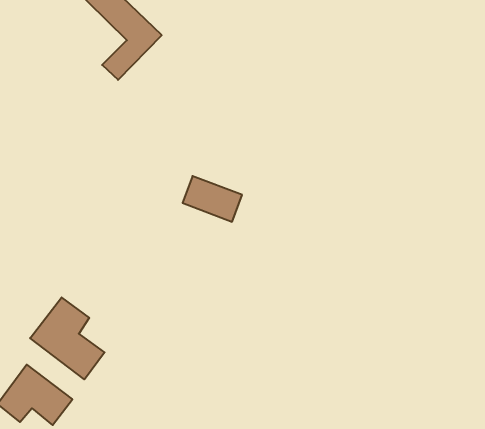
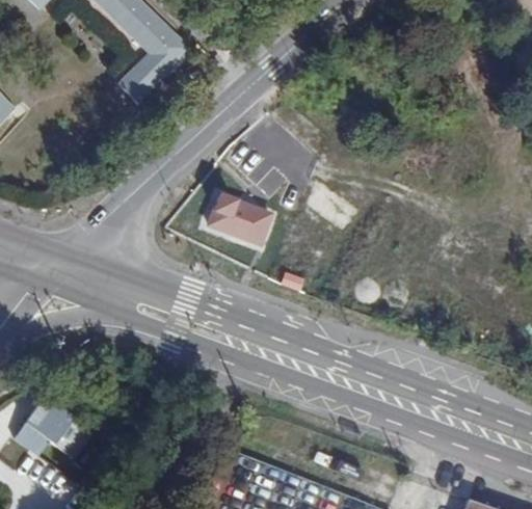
building: [30,297,105,379] -> none

